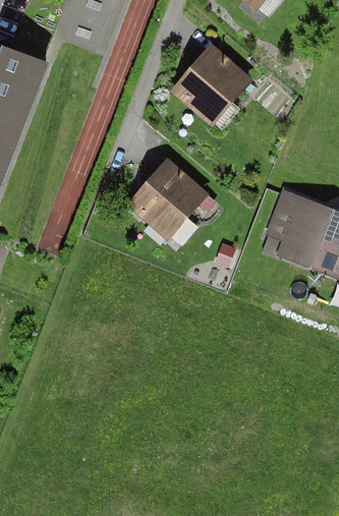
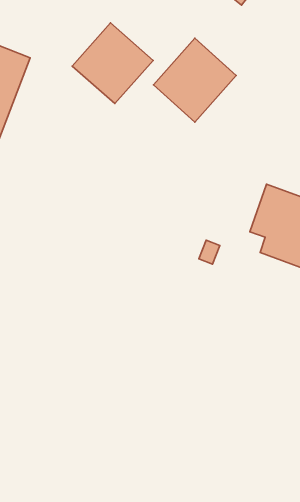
building: none -> [72,23,153,104]
building: [125,158,208,240] -> none

